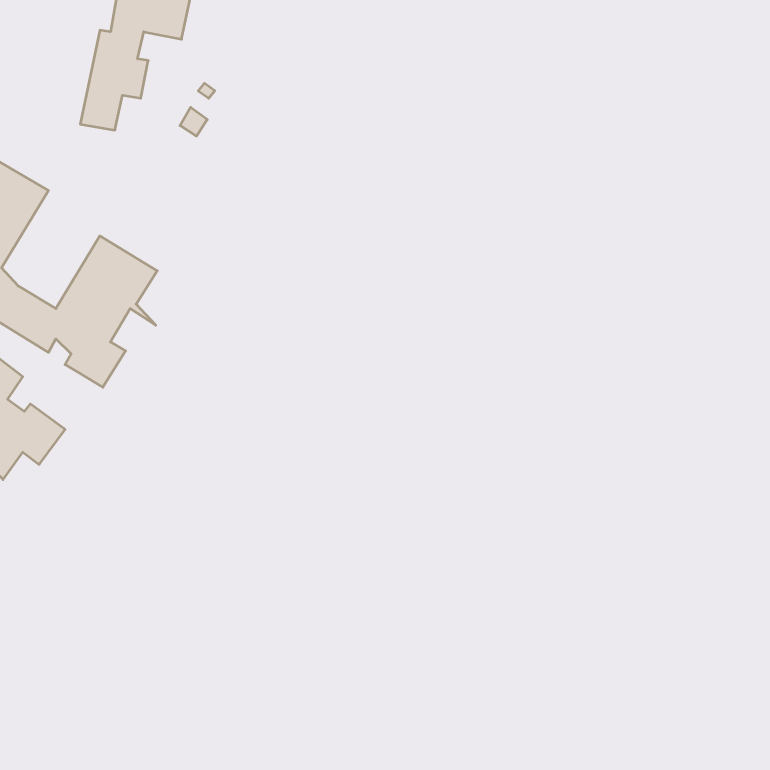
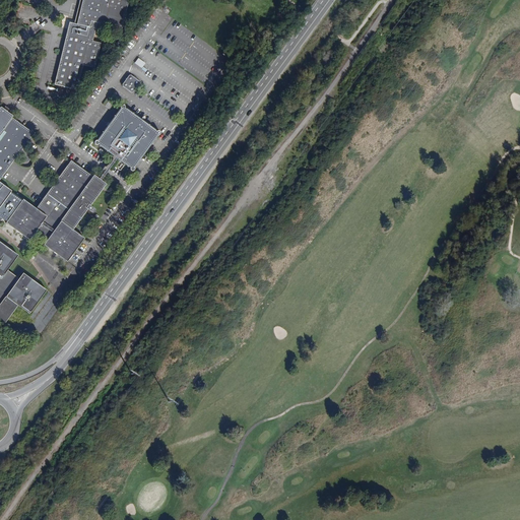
building: none -> [95,105,159,169]

